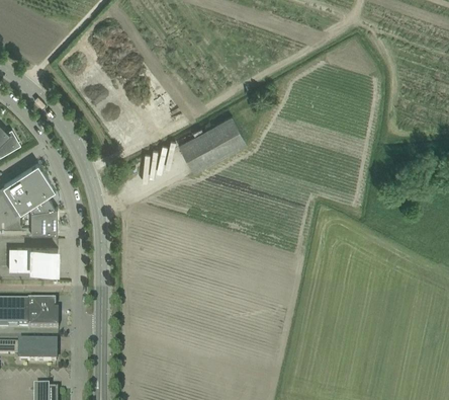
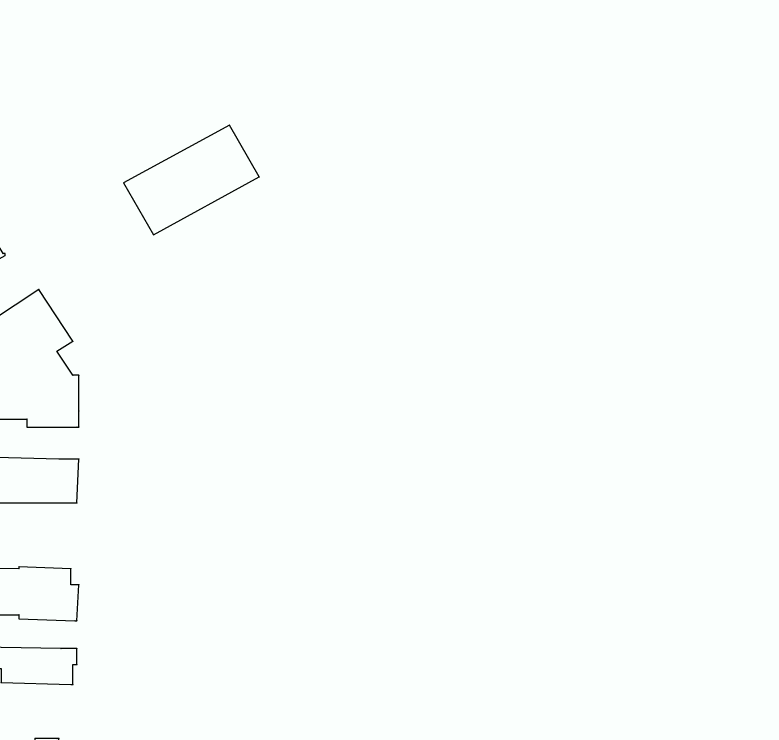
building: [178,113,247,169] -> [124,125,259,235]

